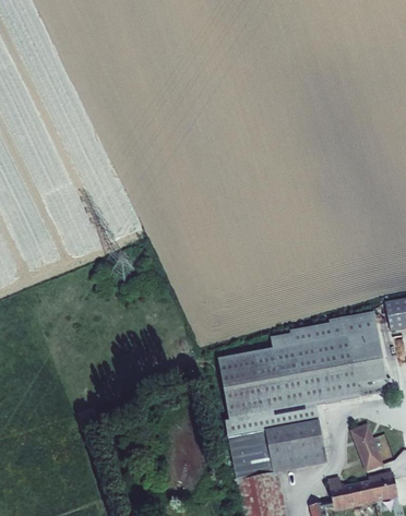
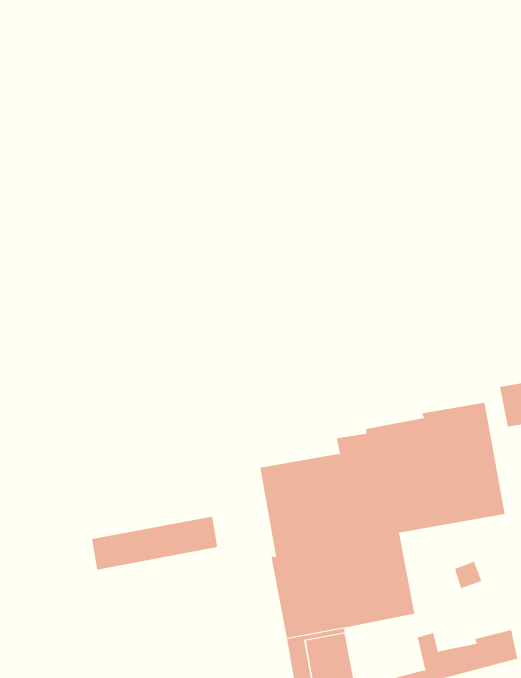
building: none -> [92,516,218,570]
building: [358,437,384,472] -> none

